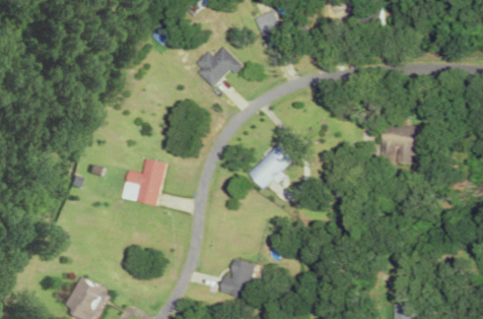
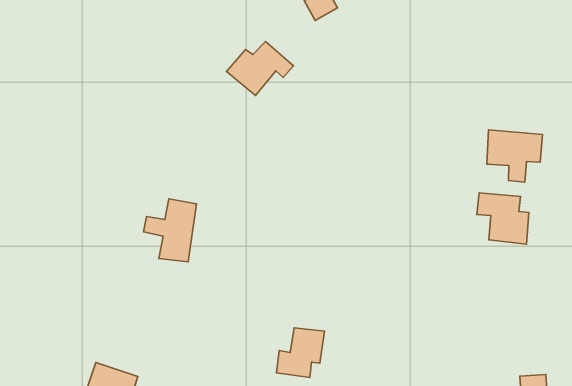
building: [246,145,291,190] -> none
building: none -> [477,193,529,244]

